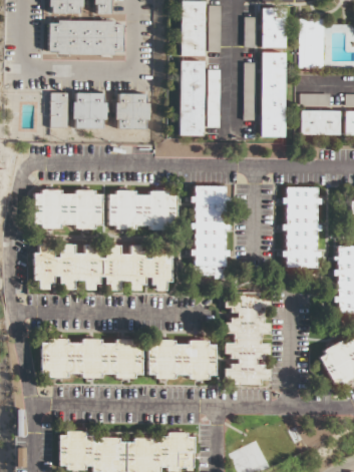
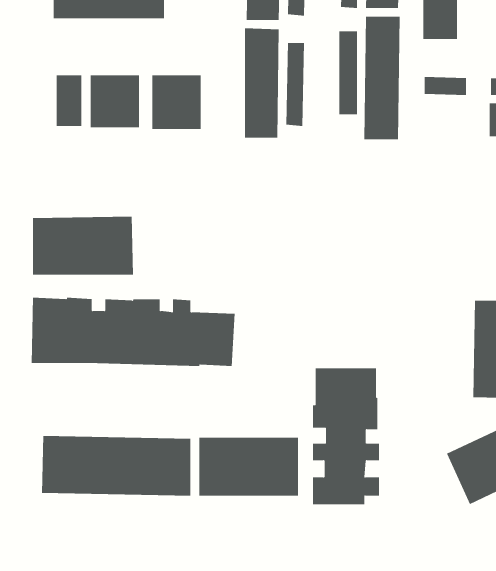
building: [301,110,341,134] -> none
building: [192,184,229,277] -> none
building: [283,186,321,268] -> none
building: [108,189,178,229] -> none

